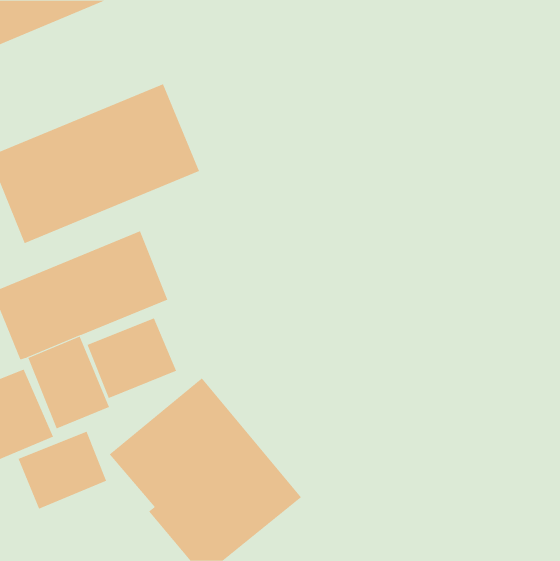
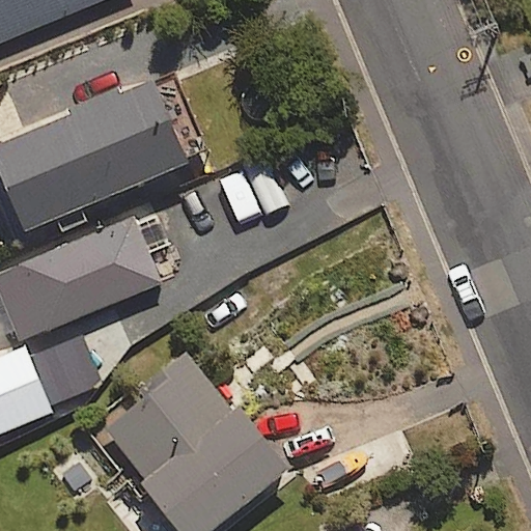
building: [87,317,177,399] -> none
building: [18,431,107,510] -> none

